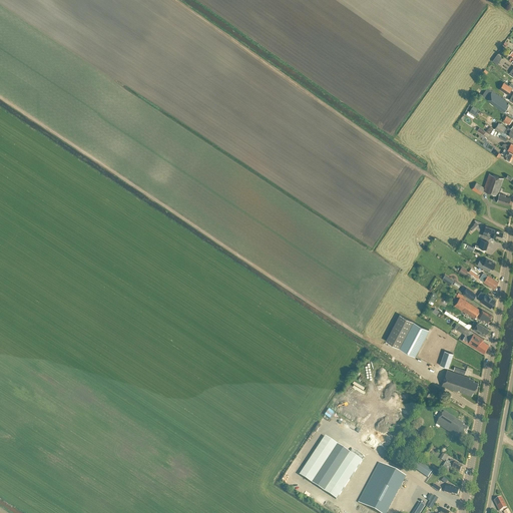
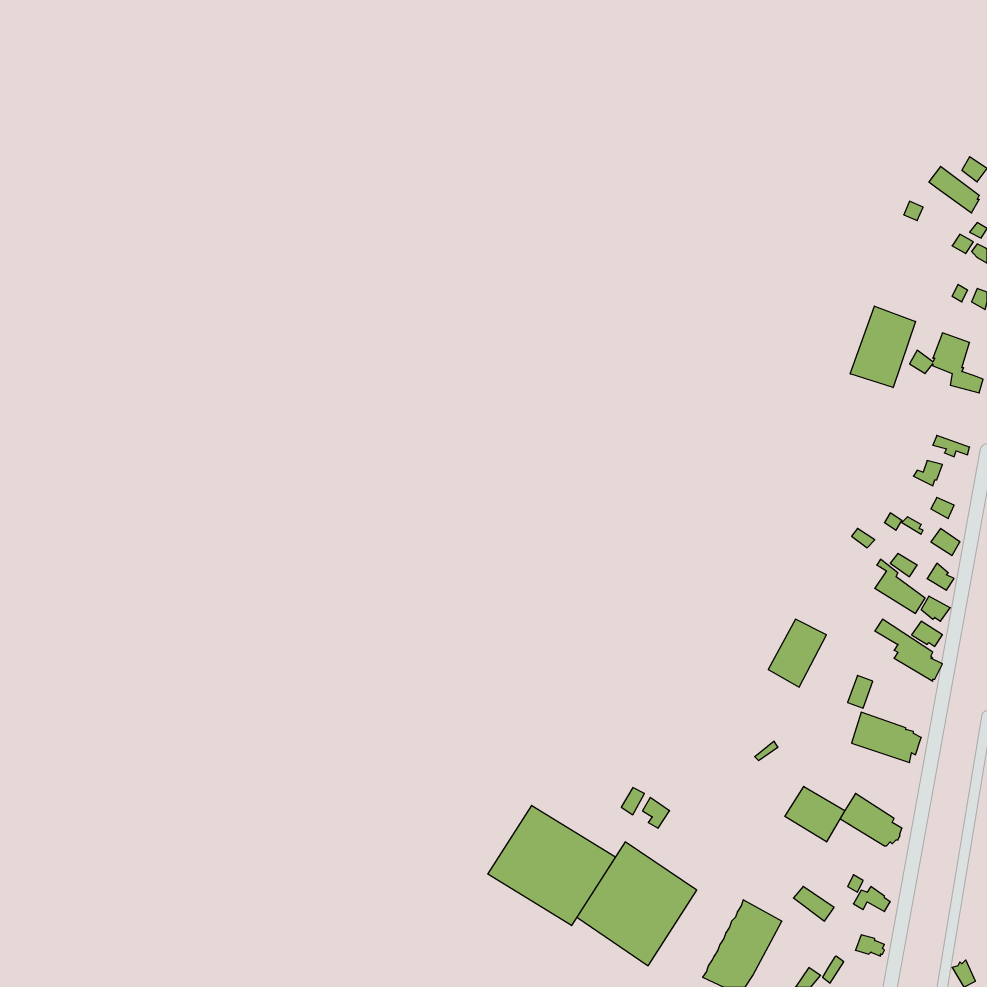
building: none -> [850,306,916,388]
building: [385,314,412,347] -> none
building: none -> [785,786,845,842]
building: none -> [488,805,616,926]

